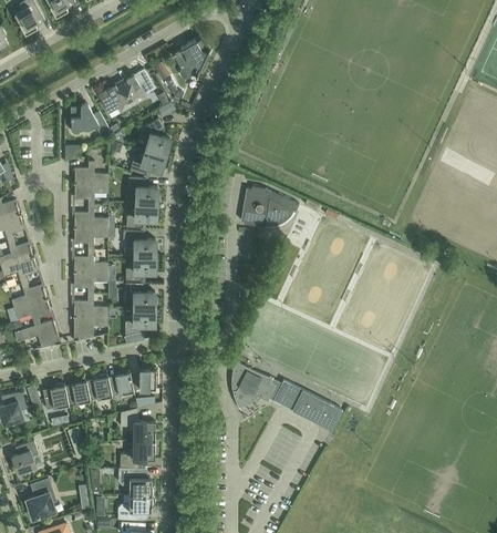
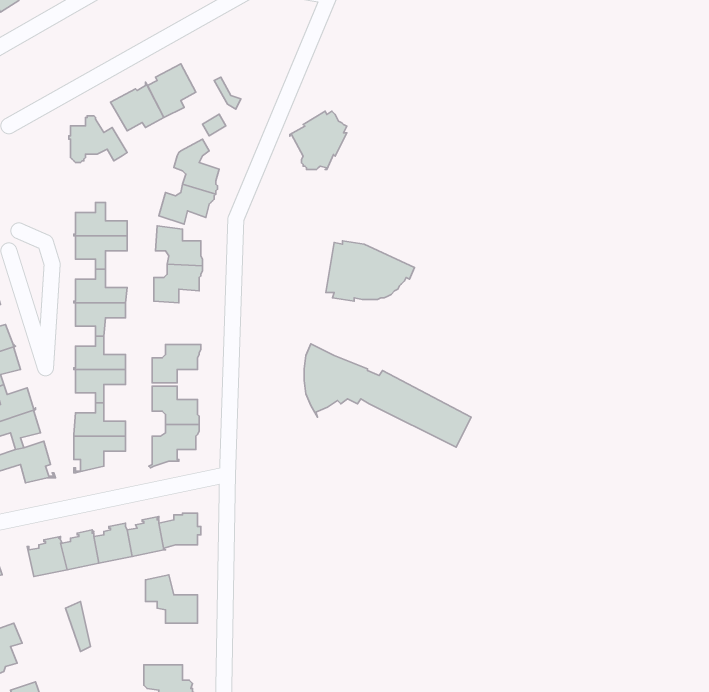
building: [172,40,209,79] -> [290,111,347,170]
building: [123,230,157,256] -> none
building: [231,362,342,431] -> [304,344,471,447]
building: [120,441,155,469] -> none

